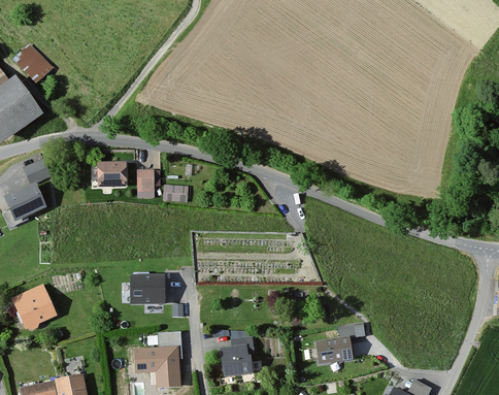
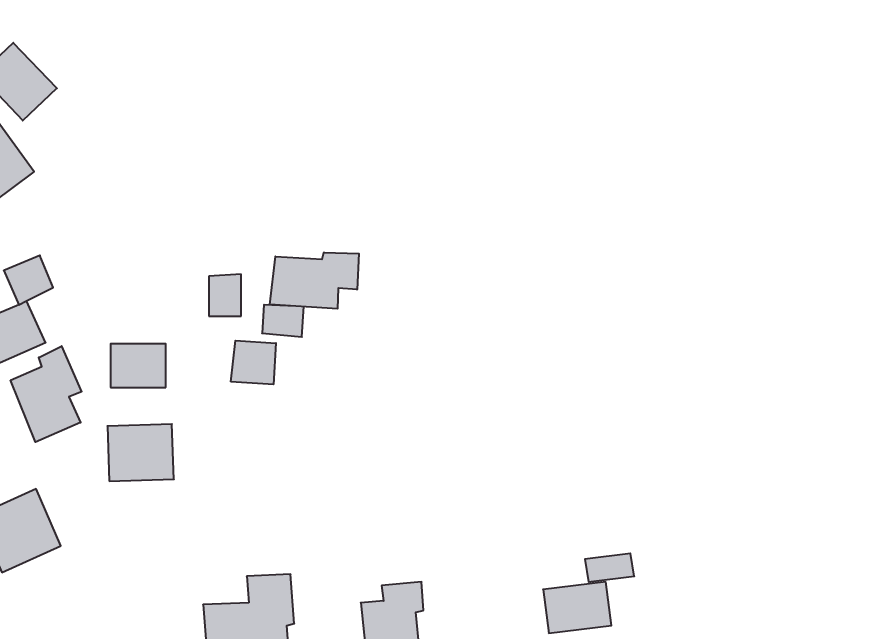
building: none -> [270,252,359,309]
building: [94,162,124,186] -> [111,344,166,387]
building: none -> [231,341,276,384]
building: none -> [11,346,82,442]
building: [131,273,167,304] -> [107,424,174,481]

